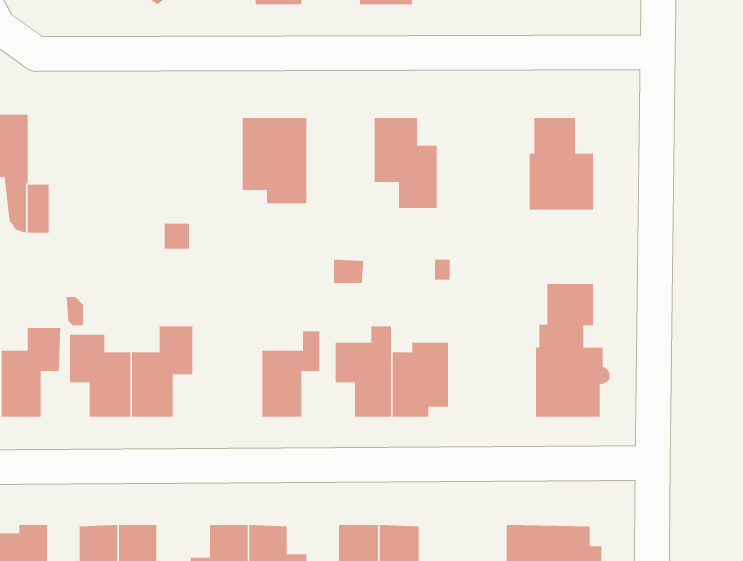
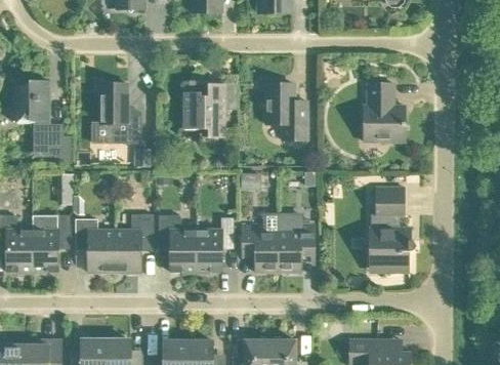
building: none -> [99,82,140,141]
building: none -> [159,214,196,271]

